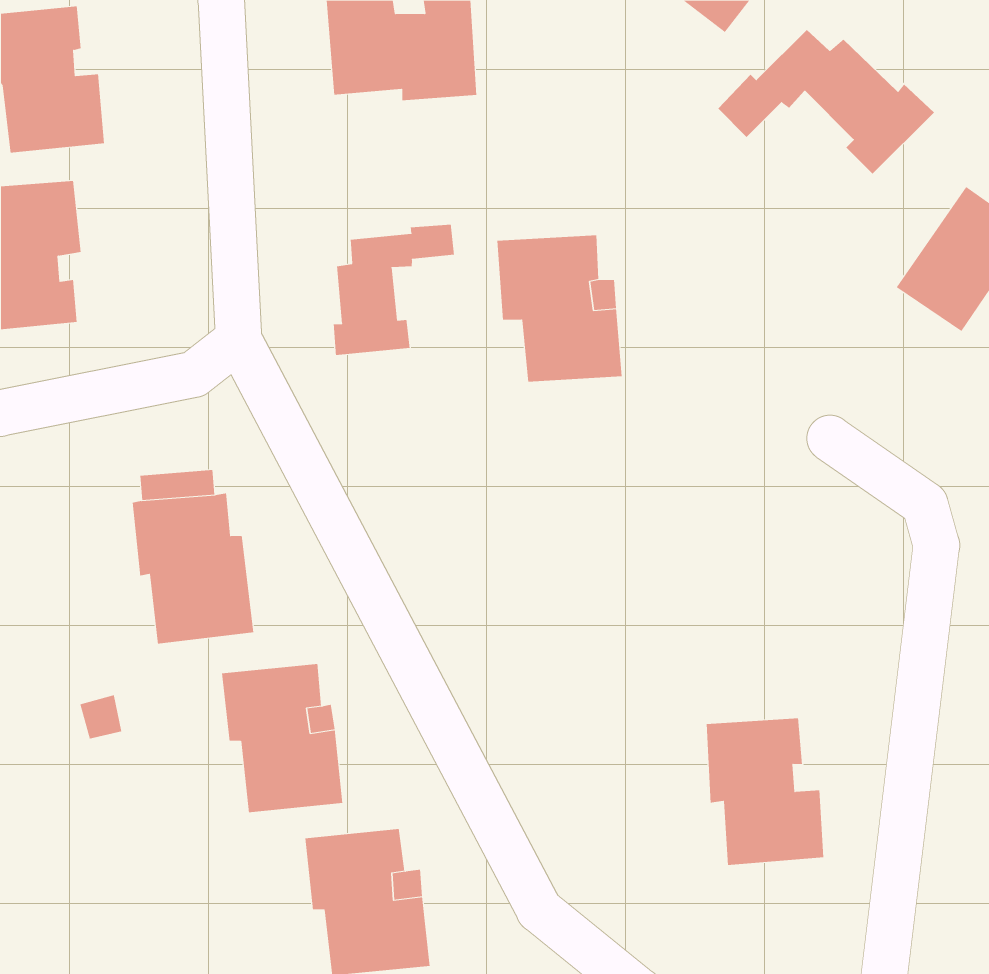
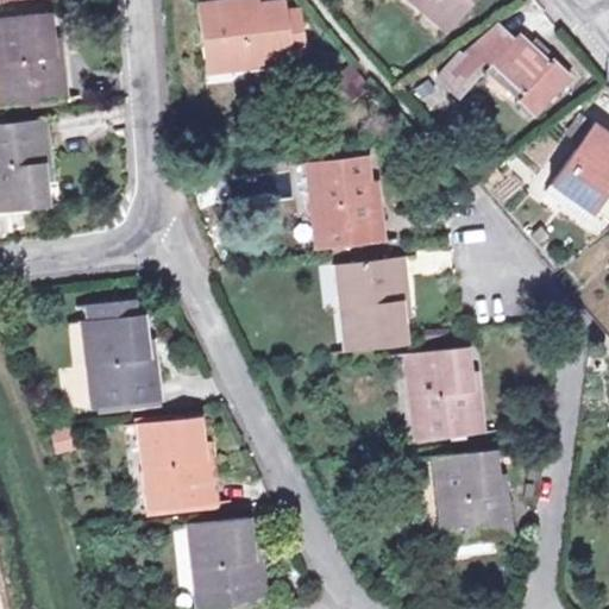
building: [333,224,454,356] -> none
building: none -> [343,259,408,349]
building: none -> [407,350,478,438]

